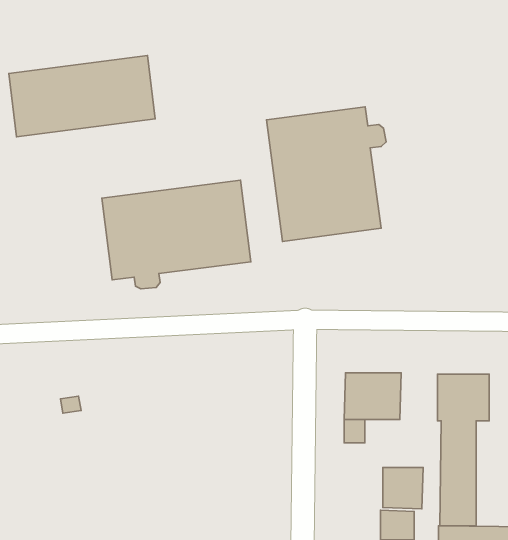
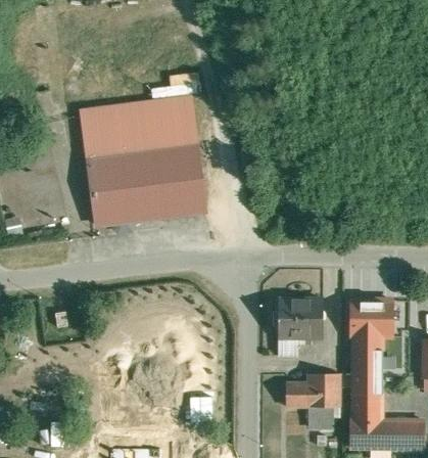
building: [9,55,155,137] -> [81,96,196,161]
building: [267,107,386,241] -> none
building: none -> [285,382,308,405]

